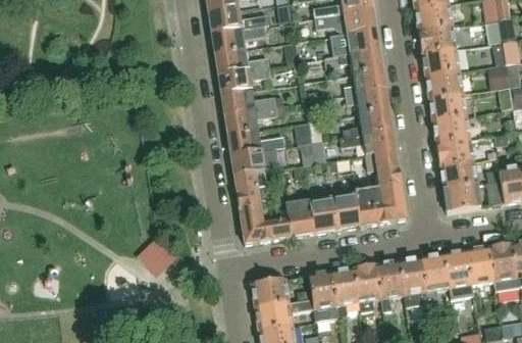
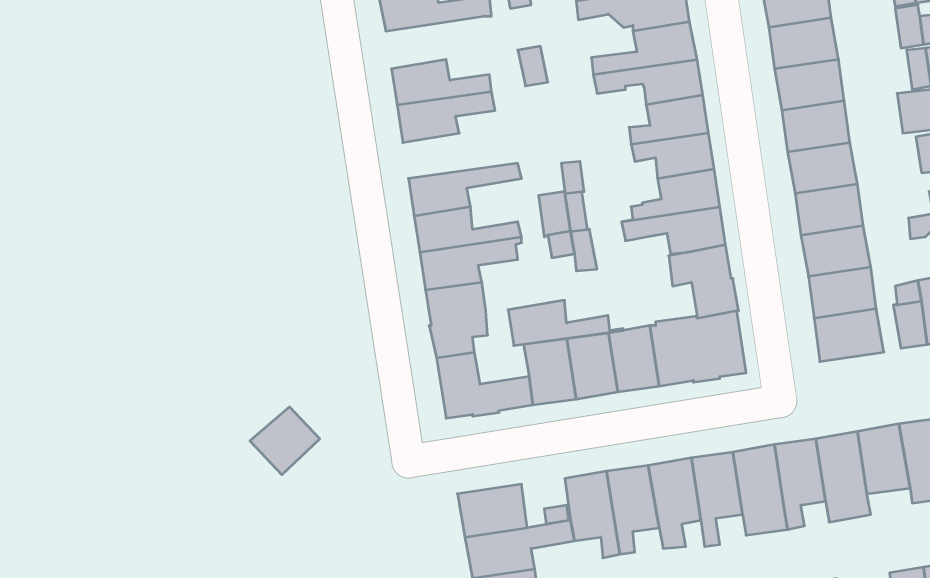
building: [212,26,267,54] -> none
building: [221,89,283,113] -> [508,300,623,346]

